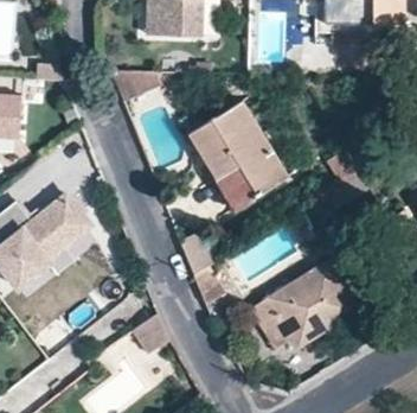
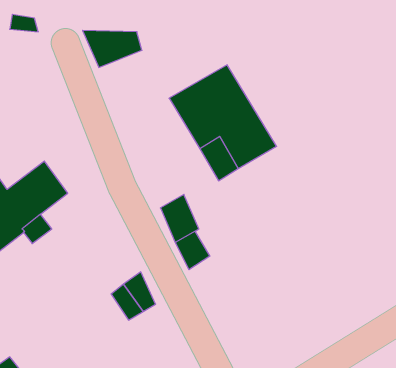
building: [248,263,355,348] -> none

